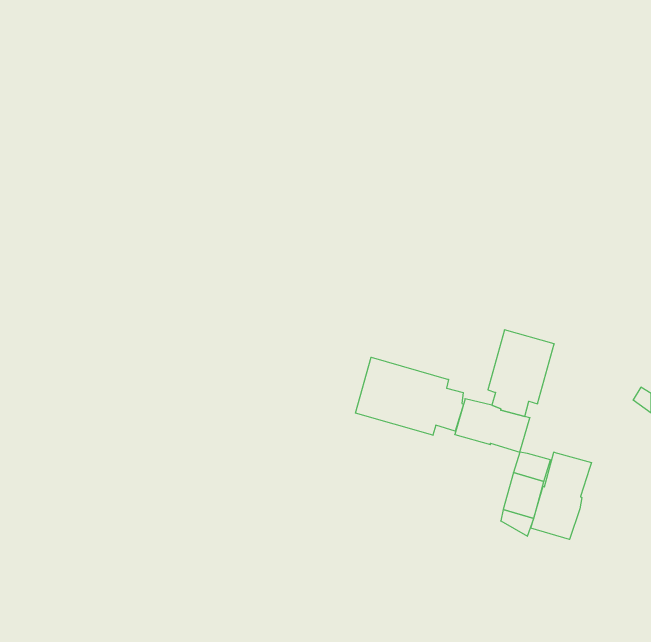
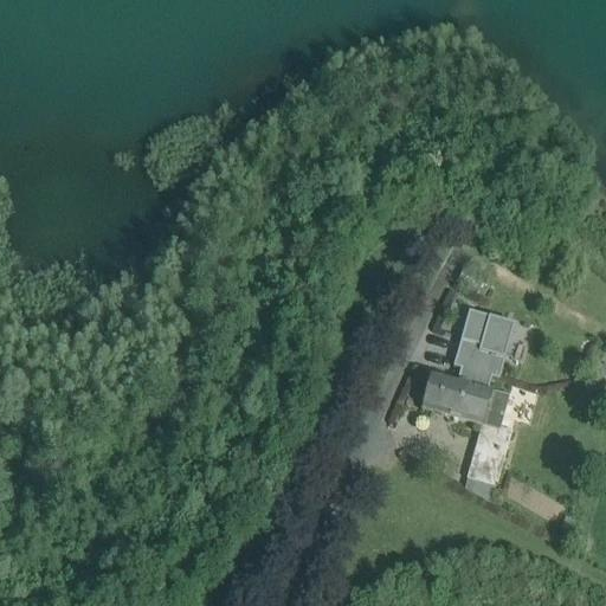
building: [355,357,463,435] -> none
building: [531,452,591,539] -> none

